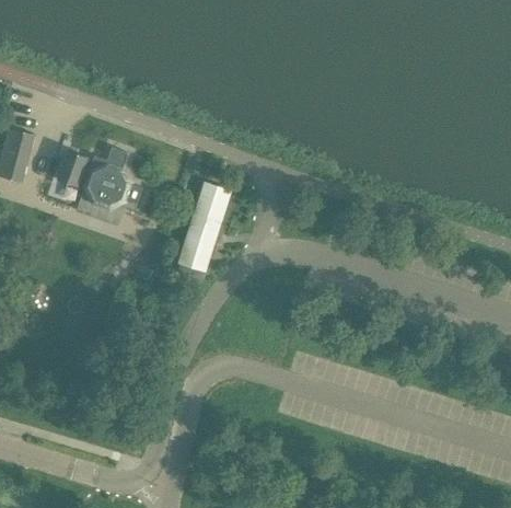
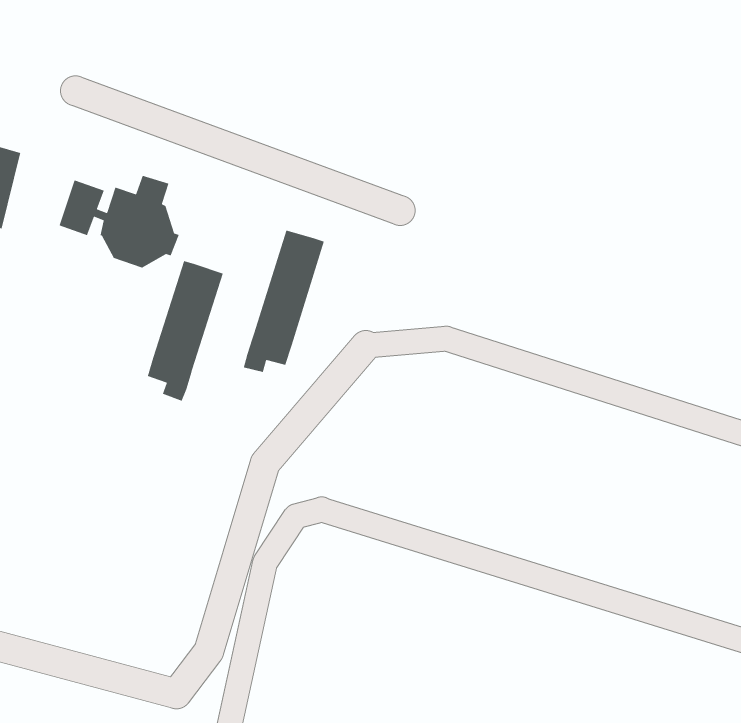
building: none -> [147,260,224,402]

